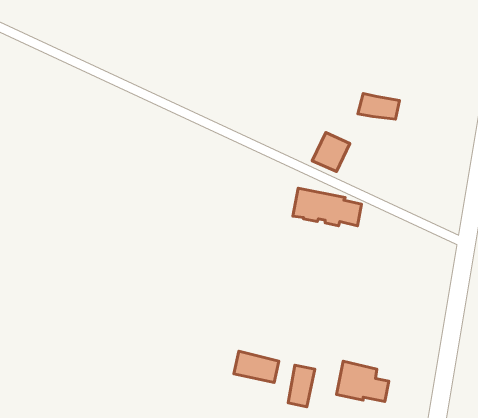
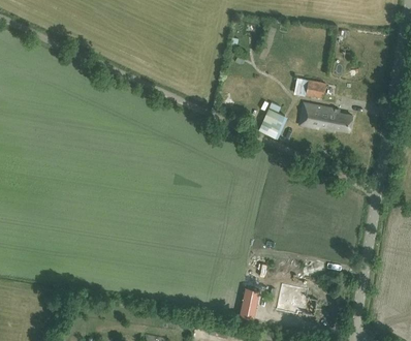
building: [293,188,361,226] -> [299,102,352,131]
building: [234,351,279,382] -> none

